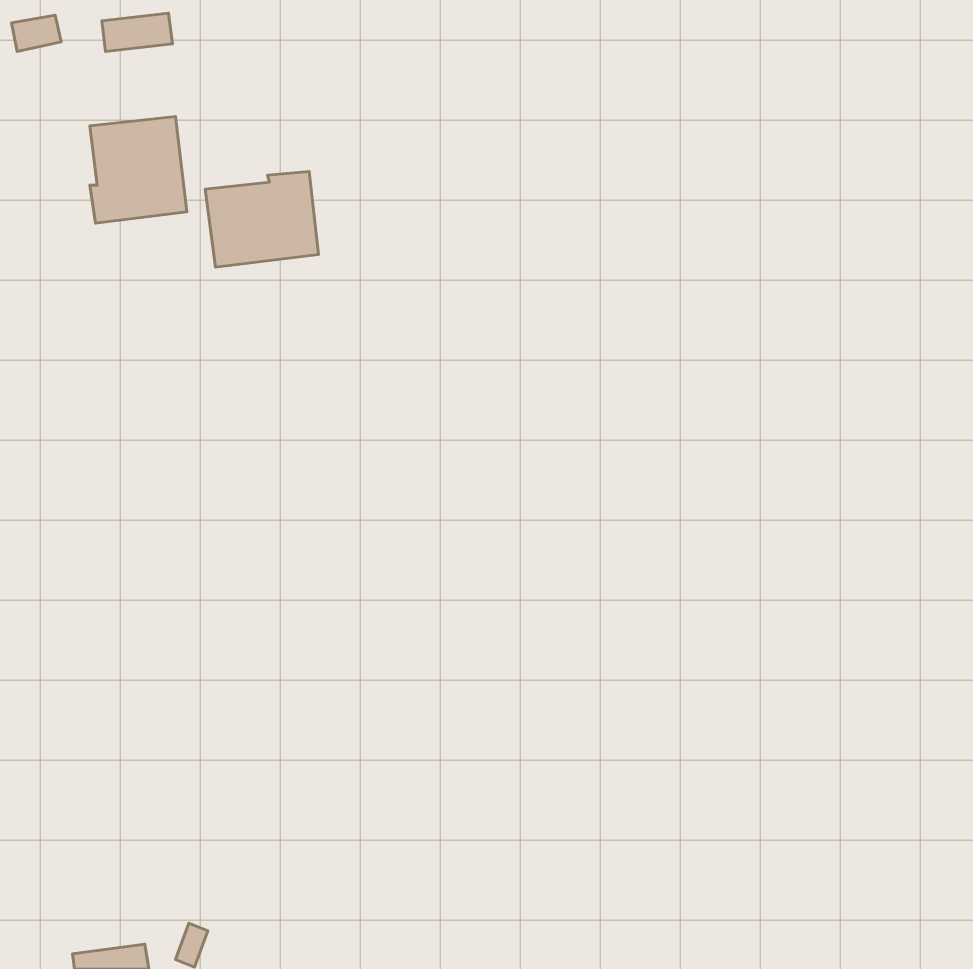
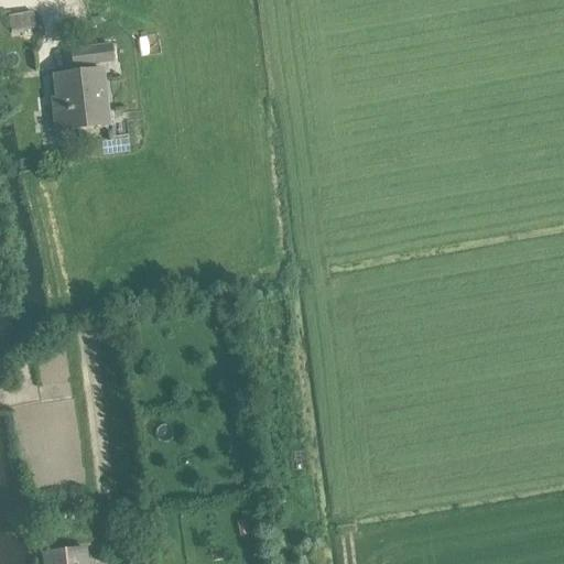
building: [102,13,172,51] -> [72,42,112,64]
building: [205,171,319,267] -> none

